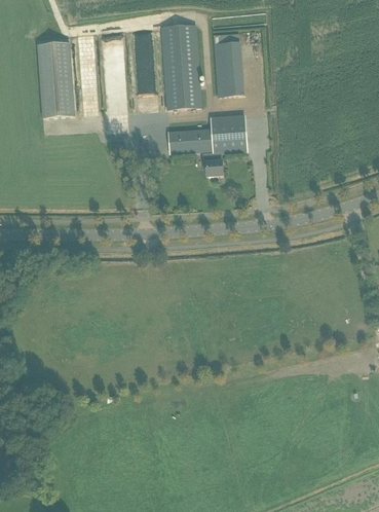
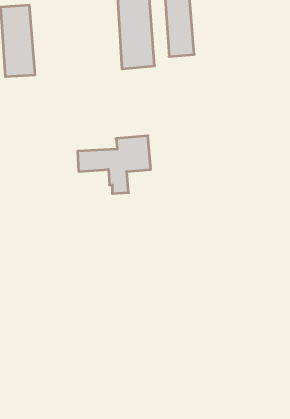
building: [168,114,247,176] -> [78,136,151,194]

